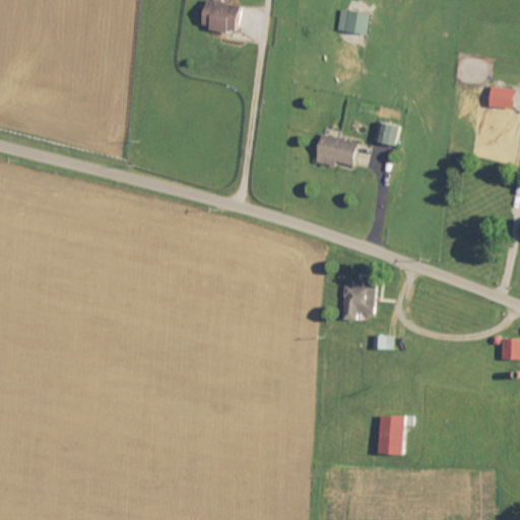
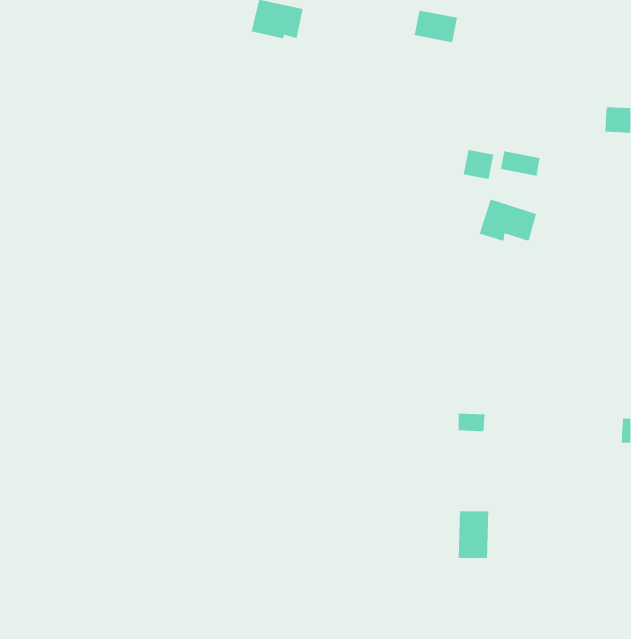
building: none -> [500,150,540,177]
building: [314,132,361,167] -> [479,199,537,241]
building: [343,279,377,320] -> none

